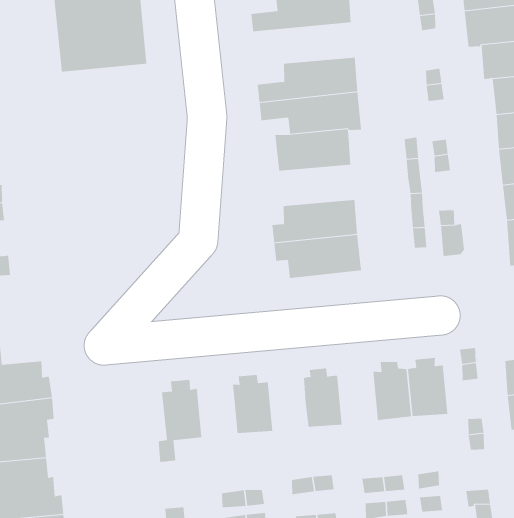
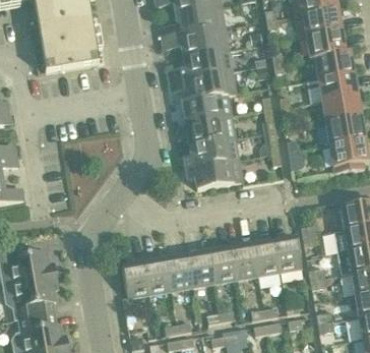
building: none -> [164,28,229,57]
building: none -> [186,117,235,145]
building: none -> [232,240,258,279]
building: none -> [189,247,215,286]
building: none -> [145,255,172,293]

